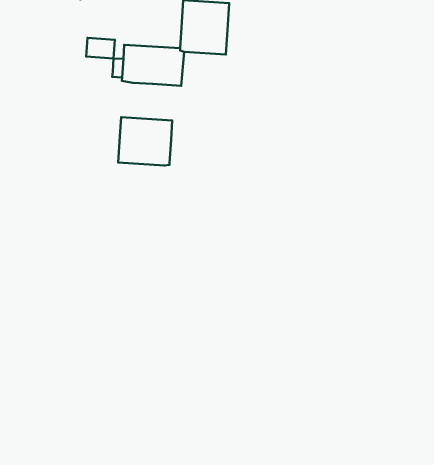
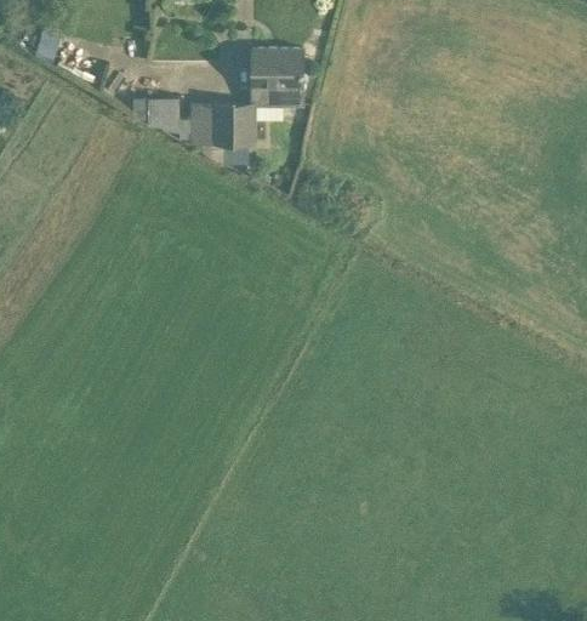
building: [118,117,172,165] -> none

